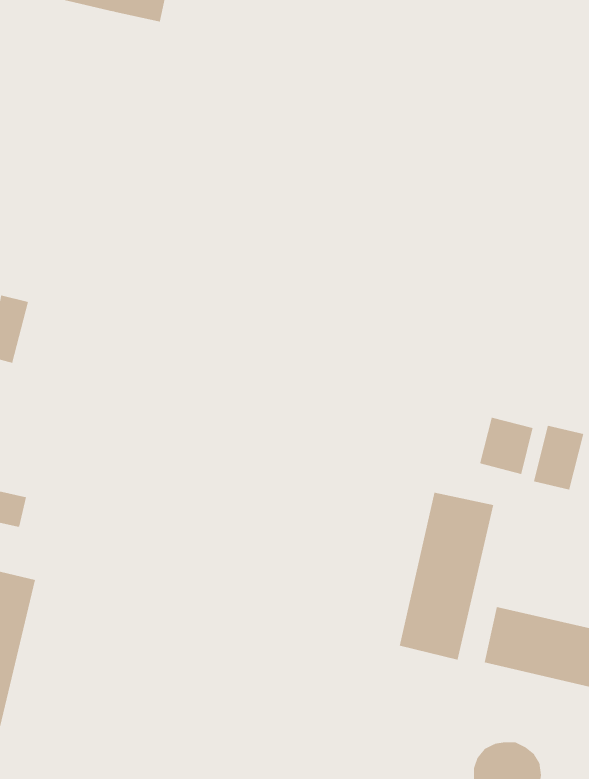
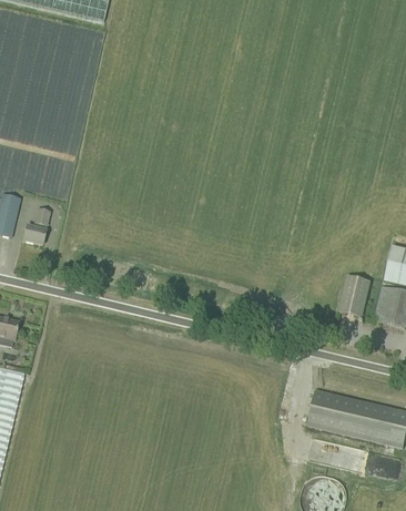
building: none -> [23,208,49,244]
building: [480,417,533,475] -> none
building: [399,492,494,660] -> none

